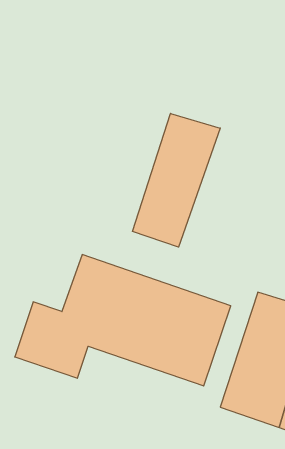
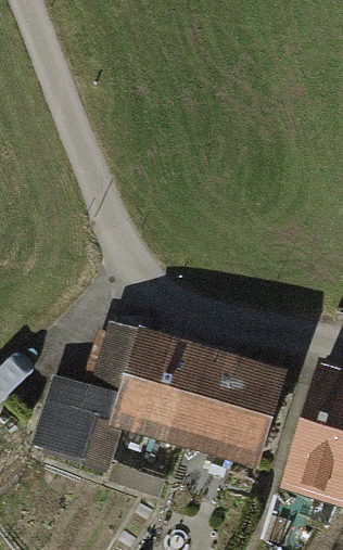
building: [132,113,220,247] -> none

